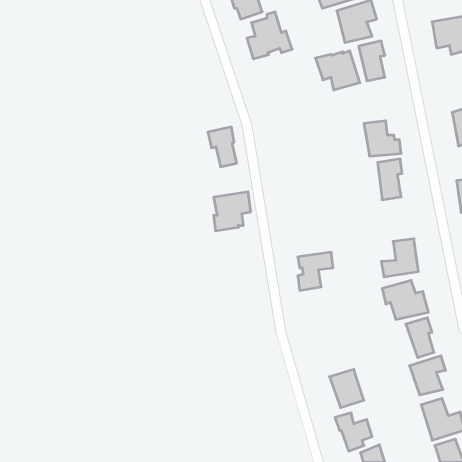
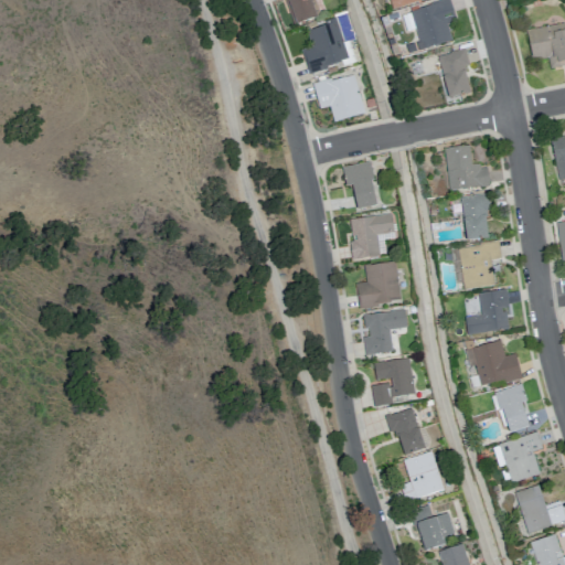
building: [315,51,360,90] -> [312,72,366,119]
building: [208,127,237,167] -> [342,159,377,207]
building: [214,192,251,231] -> [350,211,395,258]
building: none -> [452,241,503,292]
building: none -> [356,258,401,307]
building: none -> [372,355,415,404]
building: none -> [385,405,431,454]

